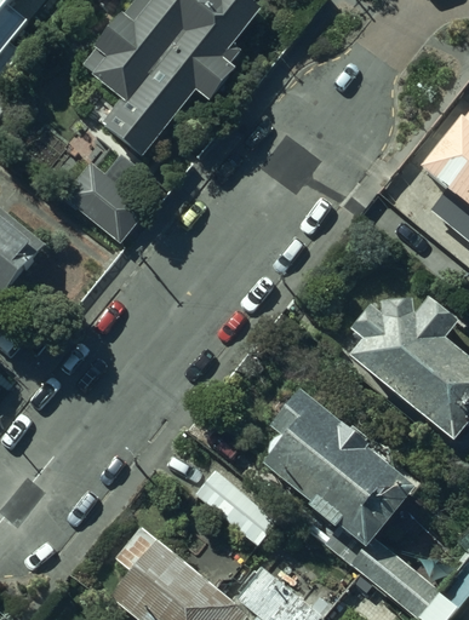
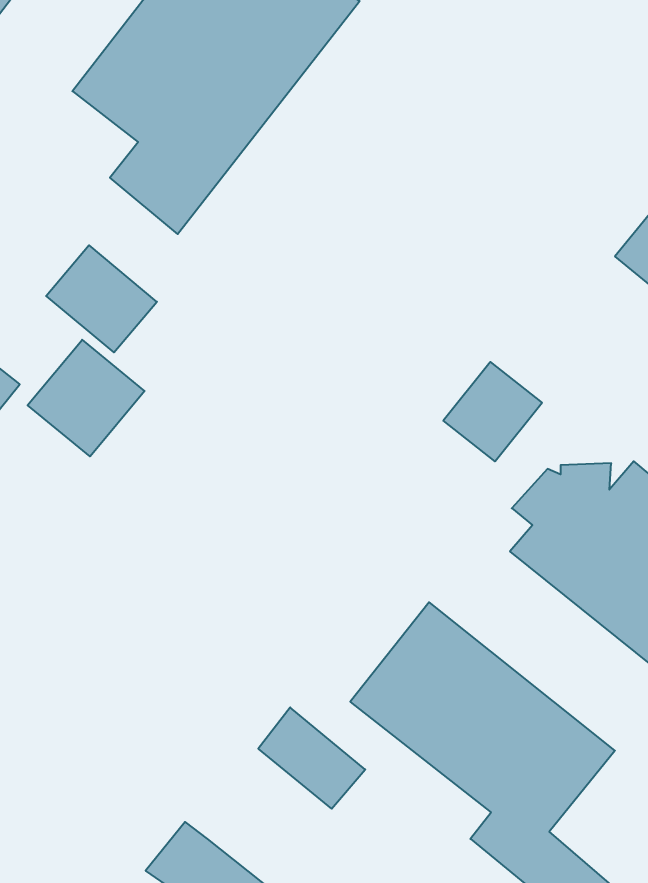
building: none -> [28,340,145,456]
building: none -> [443,362,542,461]

